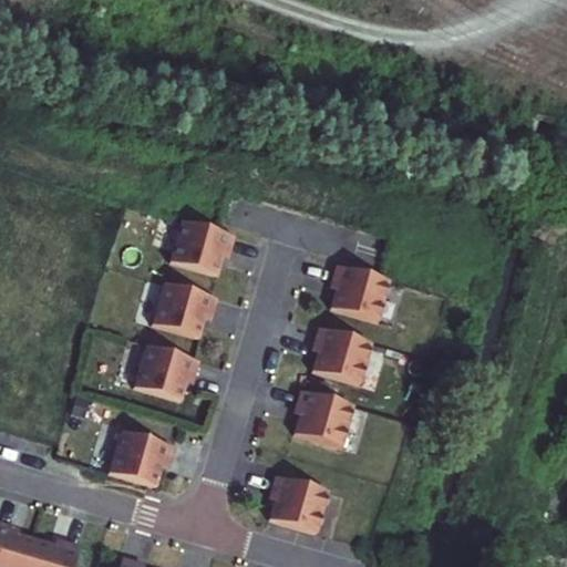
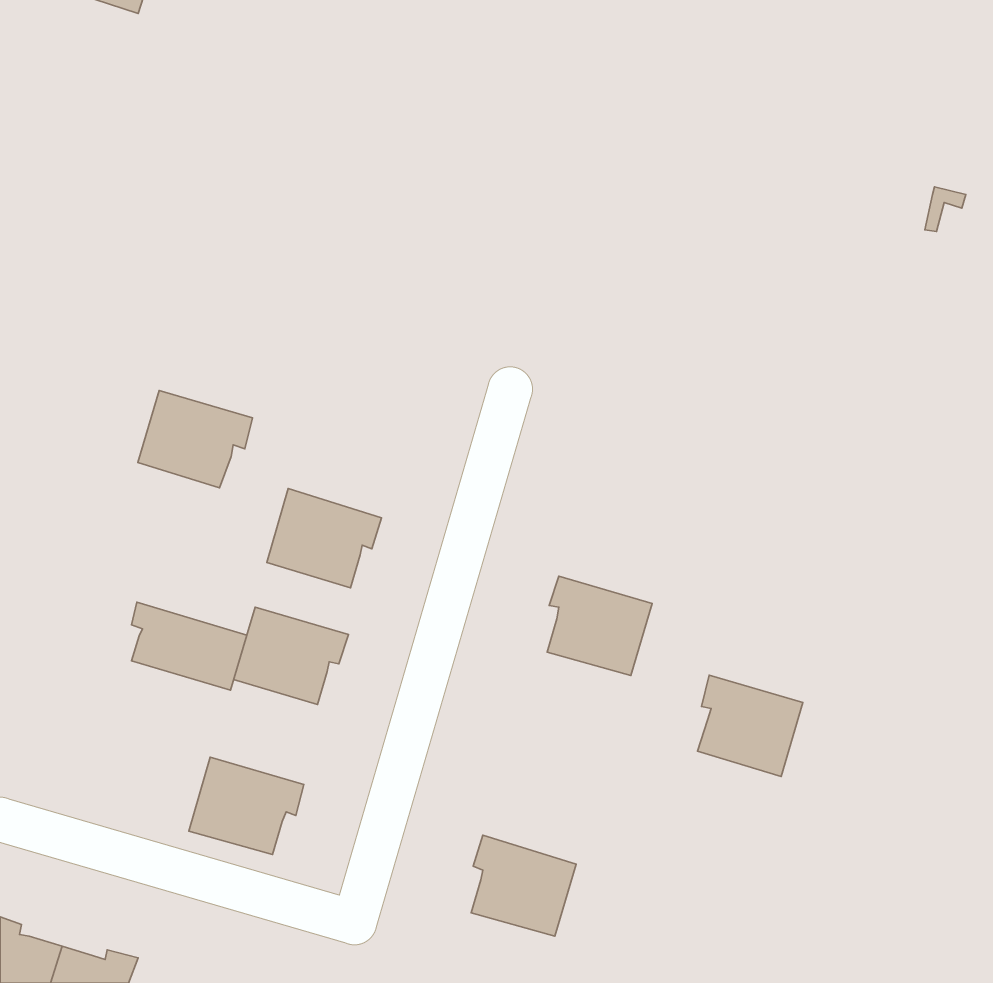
building: [172,216,237,271] -> [138,390,253,488]
building: [331,261,391,319] -> none
building: none -> [131,602,247,690]
building: [293,390,353,447] -> [698,675,803,777]

